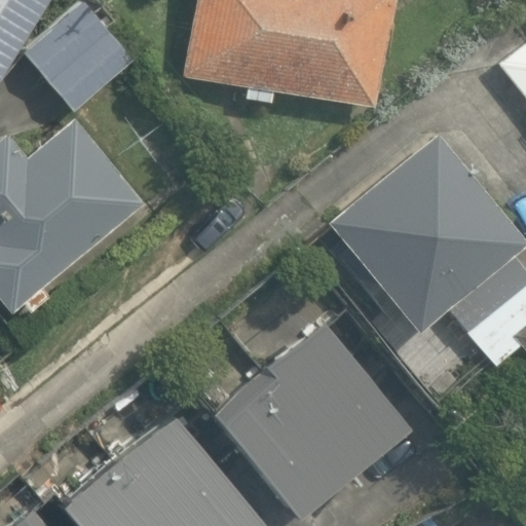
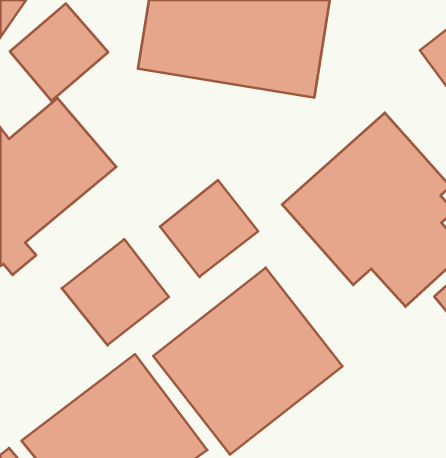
building: none -> [160,180,258,277]
building: none -> [62,239,169,345]

